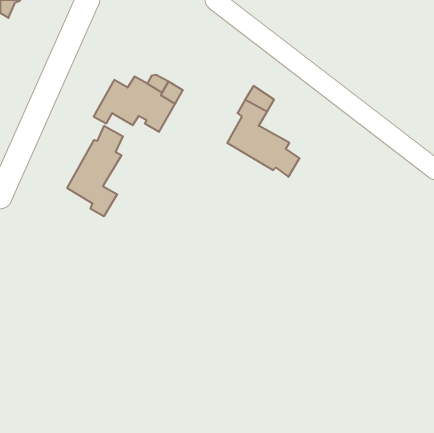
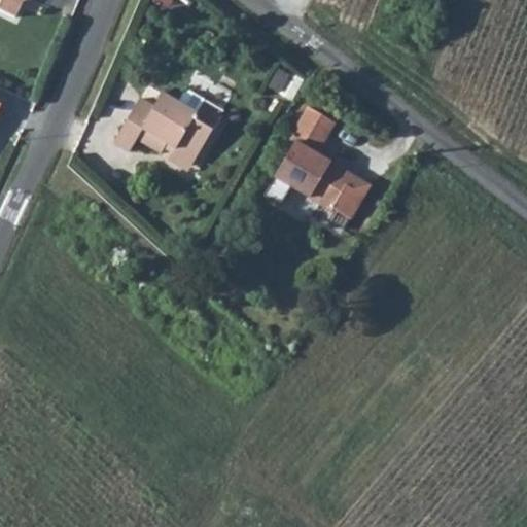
building: [67,126,123,216] -> none

